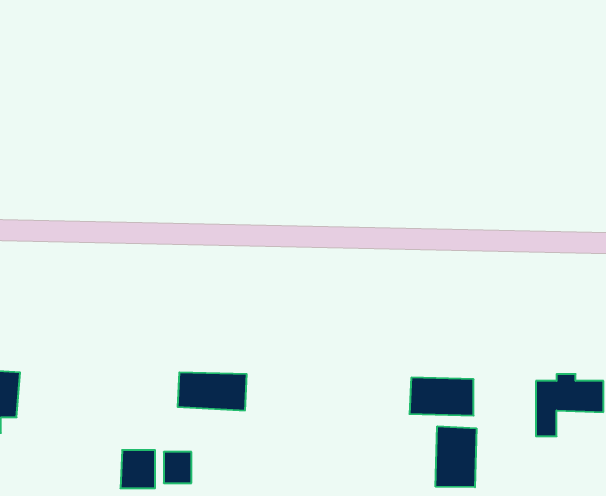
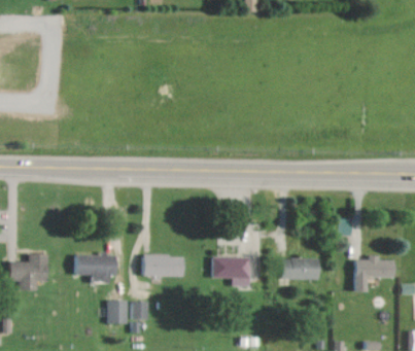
building: none -> [74,253,114,283]
building: none -> [211,256,250,286]
building: [436,426,476,487] -> none

